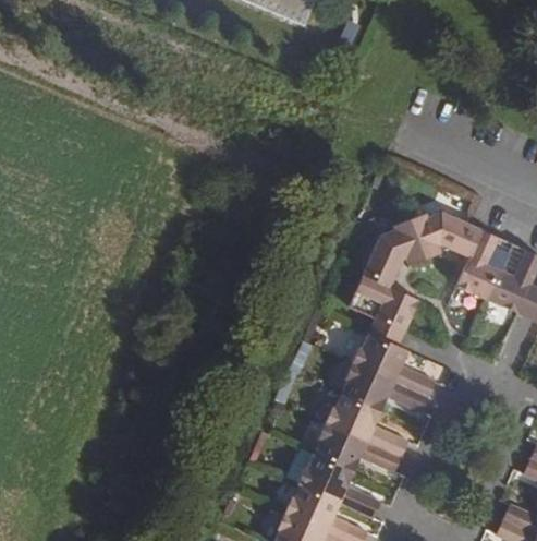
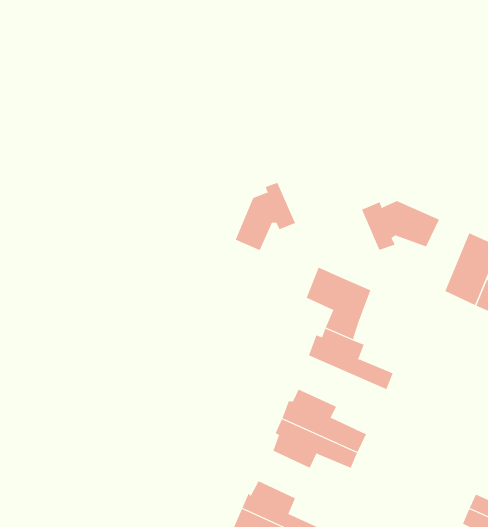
building: [361,219,420,287] -> [235,182,296,251]
building: [453,229,509,300] -> none
building: [341,363,428,413] -> none
building: [298,457,381,520] -> none

